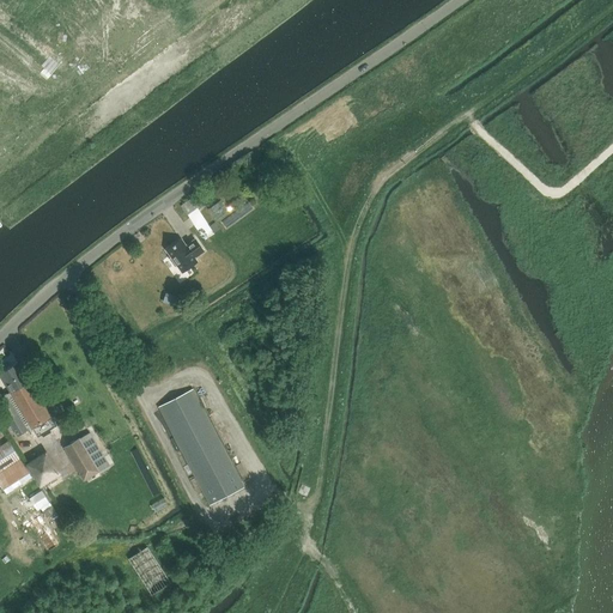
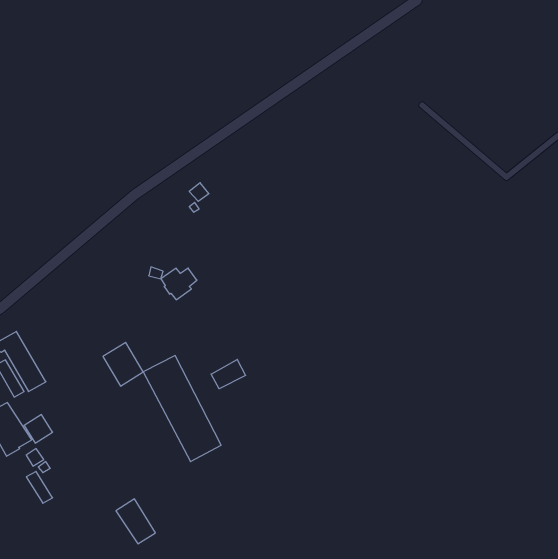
building: [164,238,204,273] -> [161,268,197,300]
building: none -> [211,359,246,389]
building: [63,432,108,480] -> [103,342,143,386]

